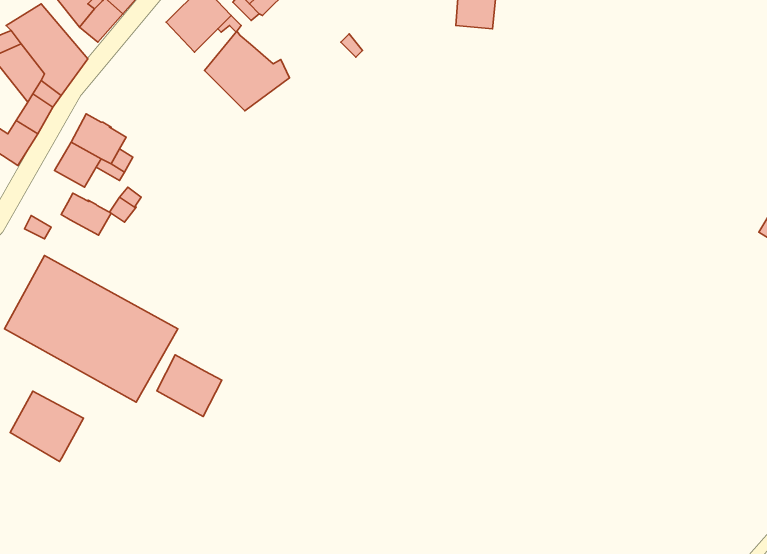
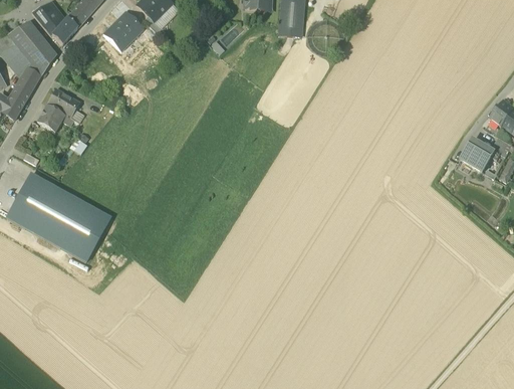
building: [205,31,290,111] -> none
building: [61,193,111,235] -> none
building: [157,355,222,416] -> none
building: [10,391,83,461] -> none

